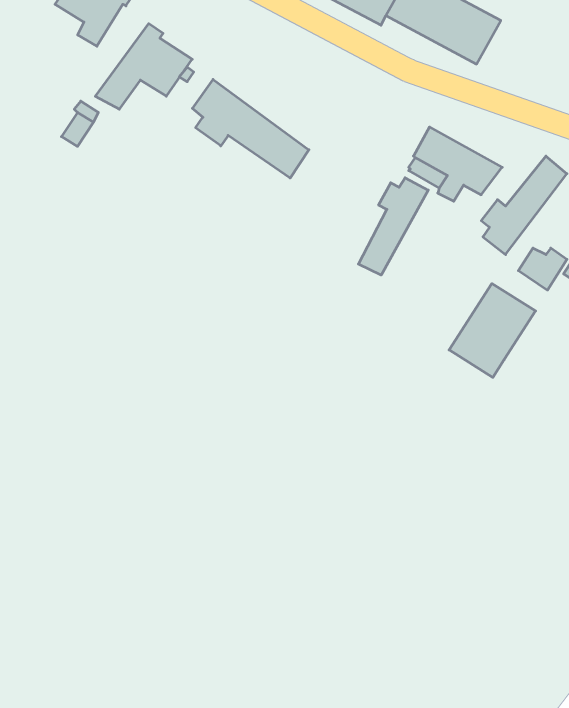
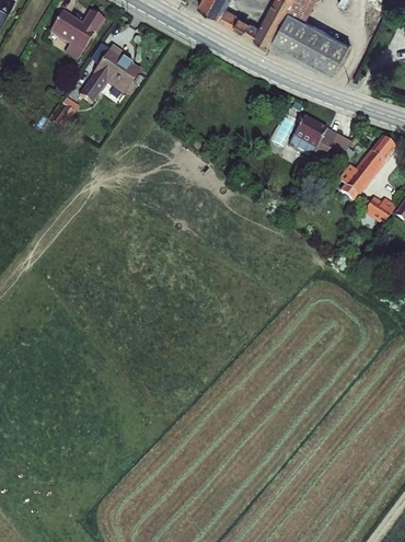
building: [192,79,309,178] -> none
building: [358,178,428,275] -> none
building: [449,284,536,377] -> none

